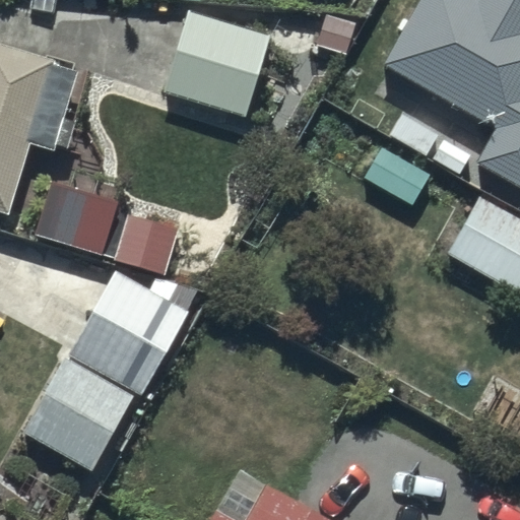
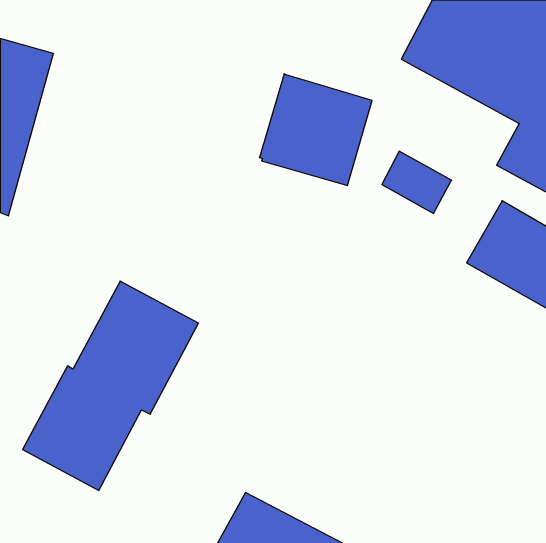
building: [165,10,271,116] -> [259,74,372,185]
building: [36,178,182,274] -> none

